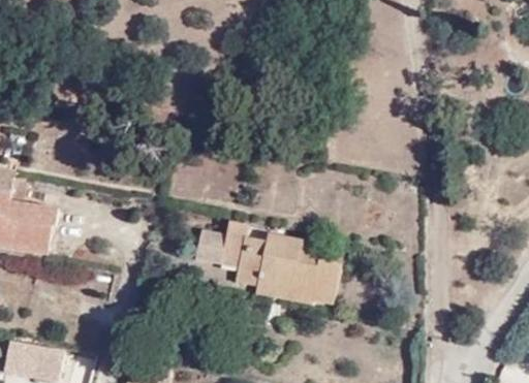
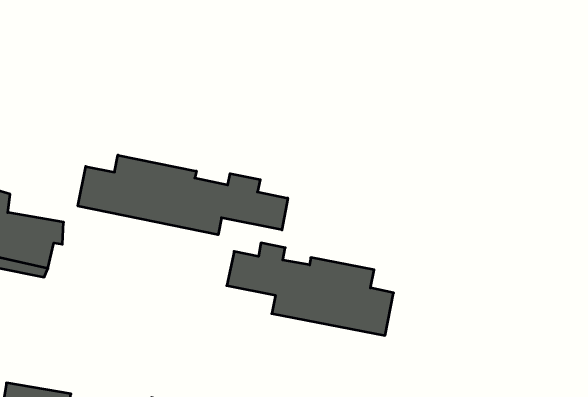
building: none -> [78,155,288,235]

